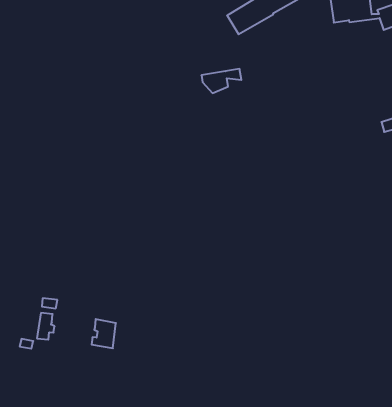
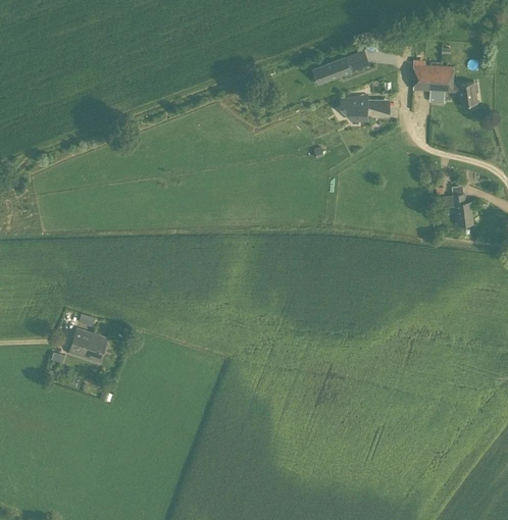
building: [201,69,241,93] -> [343,99,382,118]
building: [92,319,116,348] -> [80,332,107,364]

